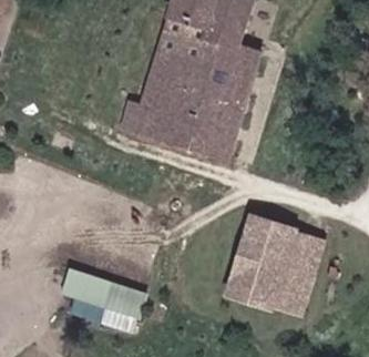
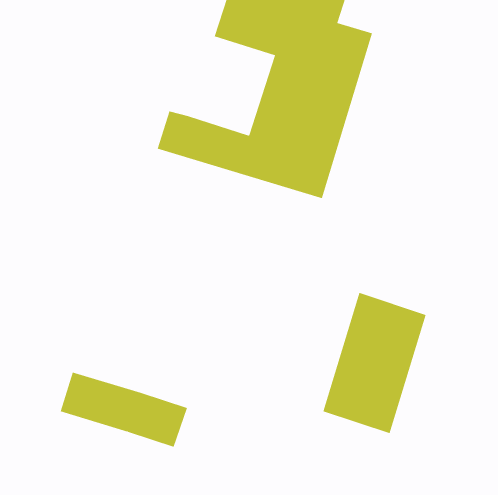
building: [141,54,195,118] -> none
building: [269,233,322,319] -> none

